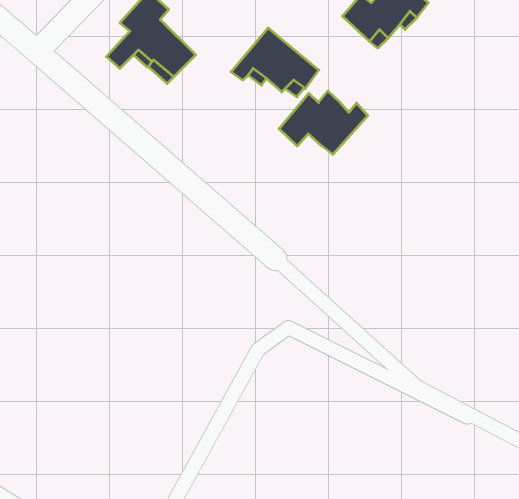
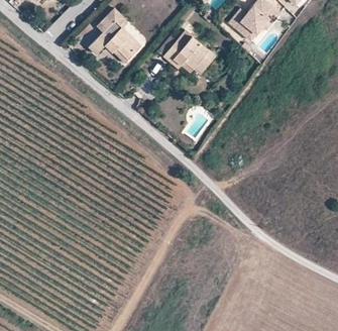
building: [279,91,368,154] -> none

